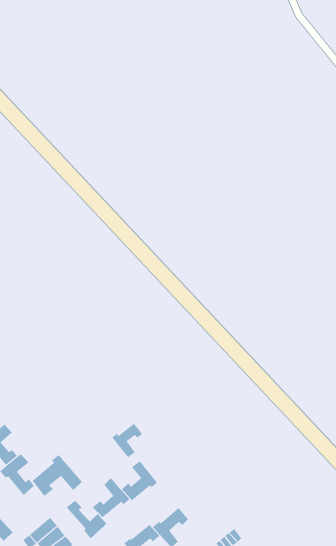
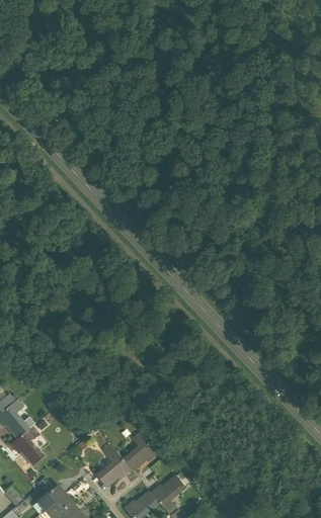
building: [112,423,143,458] -> none
building: [31,454,83,497] -> none
building: [66,500,107,539] -> none

